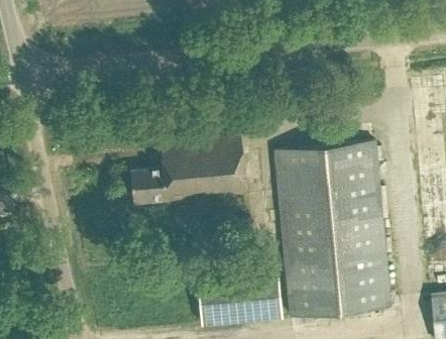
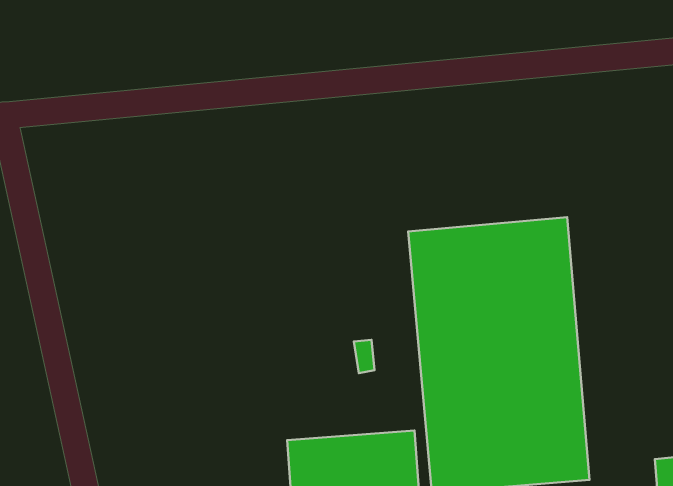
building: [134,135,249,205] -> none

